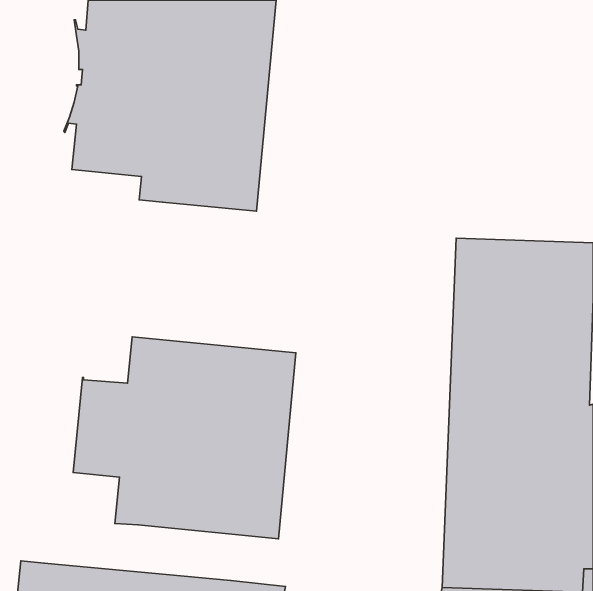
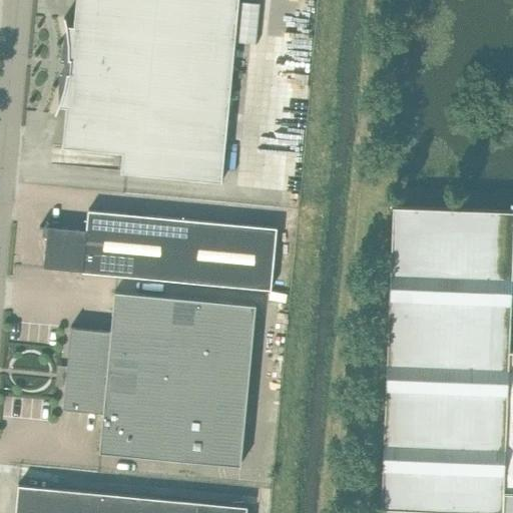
building: none -> [43,211,275,292]

